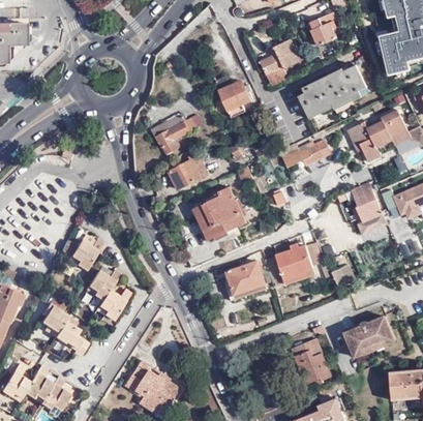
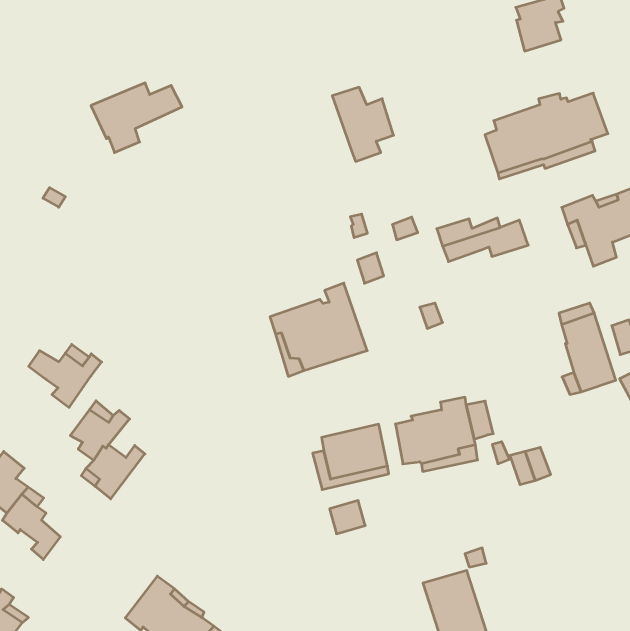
building: [261,39,301,88] -> none
building: [151,114,202,154] -> [91,83,182,153]
building: [169,153,208,189] -> none
building: [344,318,395,359] -> none

